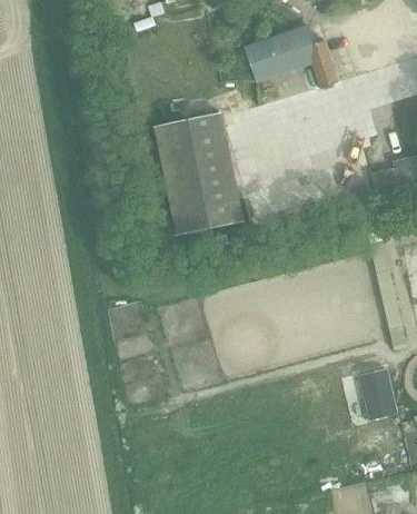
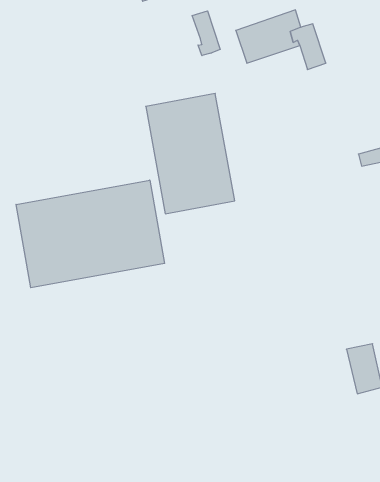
building: none -> [192,11,220,56]
building: none -> [16,180,165,288]

